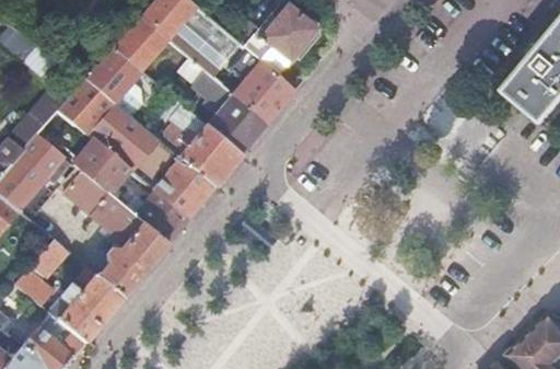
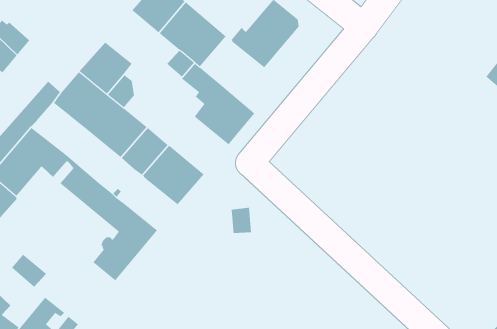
building: [113,16,168,72] -> none
building: [228,49,295,124] -> none
building: [159,100,241,187] -> none
building: [72,141,142,197] -> none
building: [132,192,188,245] -> none
building: [44,239,124,343] -> none

